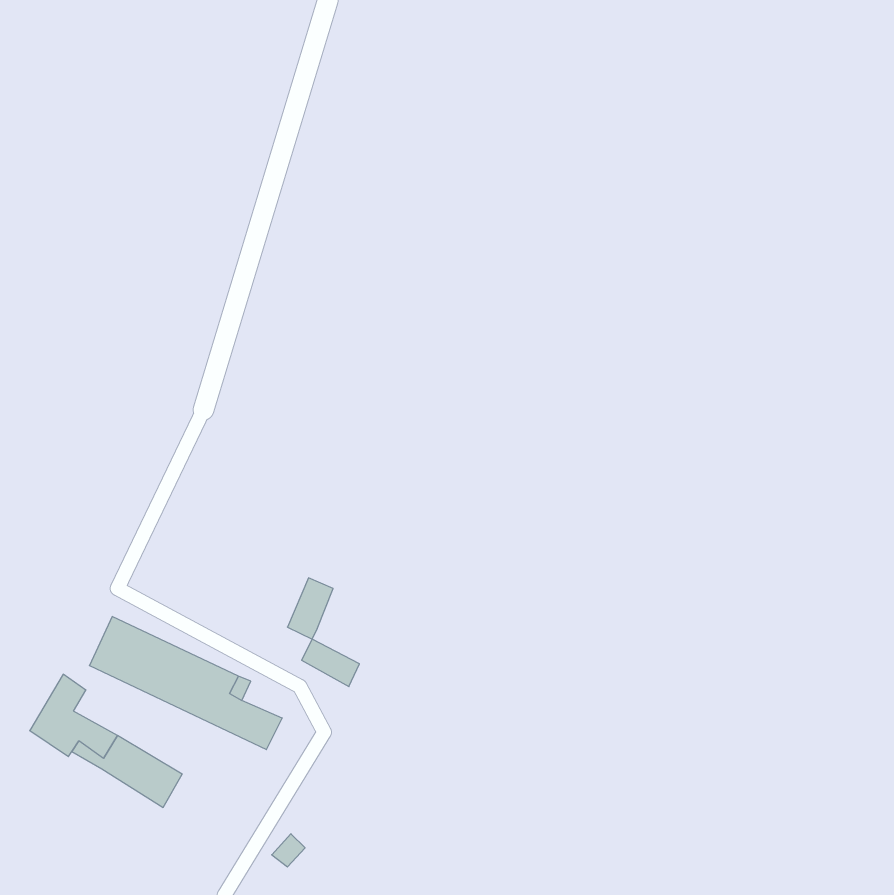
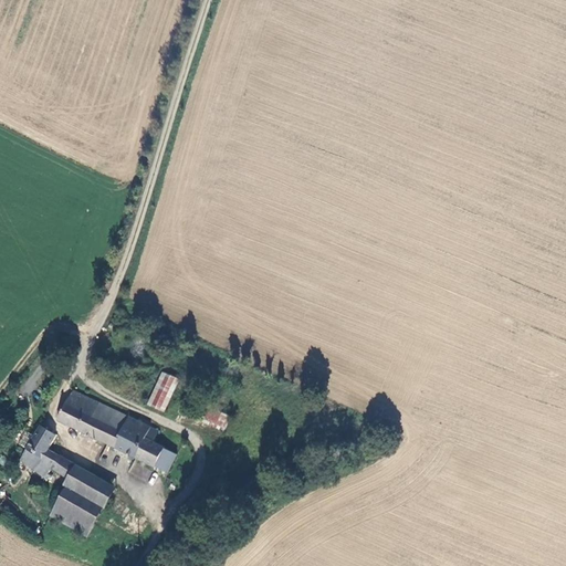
building: [287,578,333,639] -> [147,373,176,411]
building: none -> [48,485,103,538]

